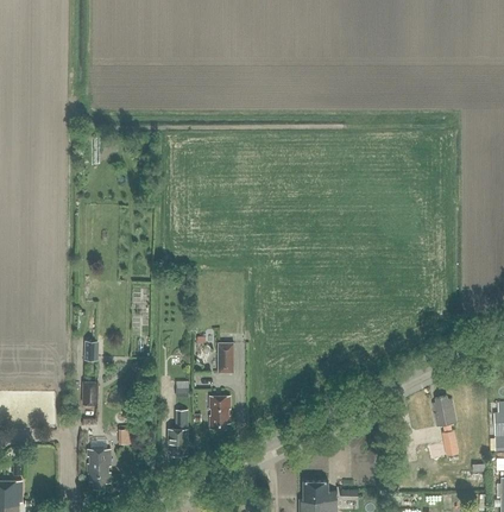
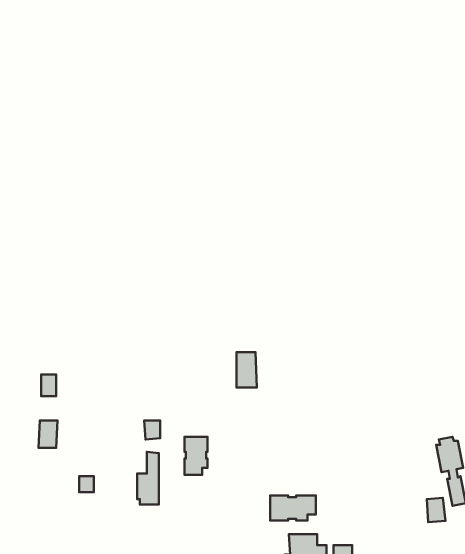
building: [219,342,237,373] -> [236,352,257,388]
building: none -> [270,496,316,520]
building: [88,449,111,488] -> none

